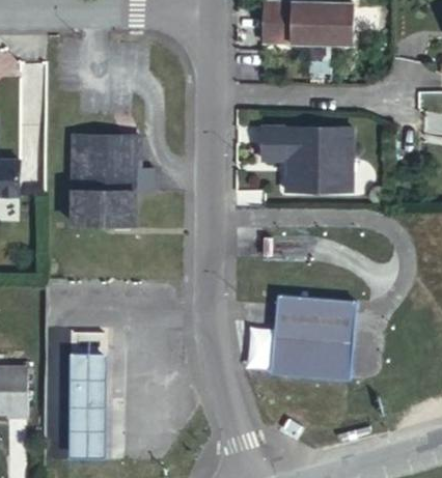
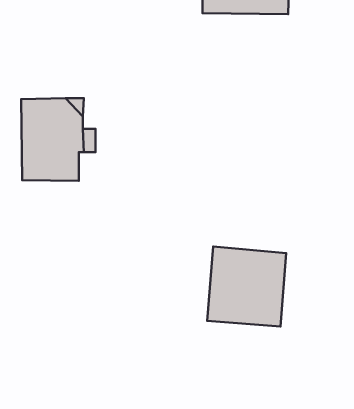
building: [261,125,356,190] -> none
building: [71,353,101,450] -> none

